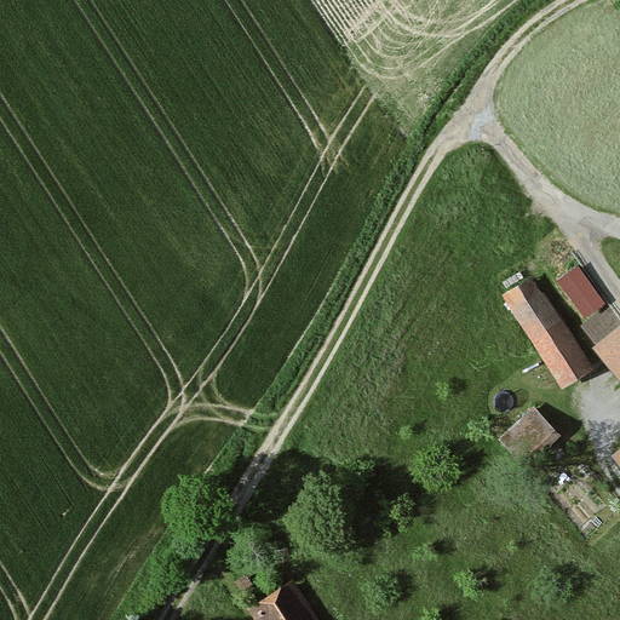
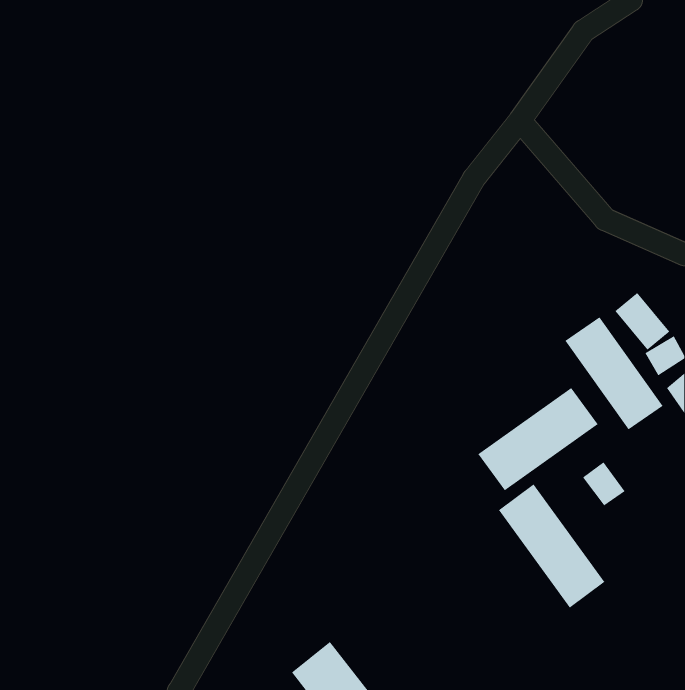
building: none -> [478,387,599,491]
building: none -> [498,483,605,609]

